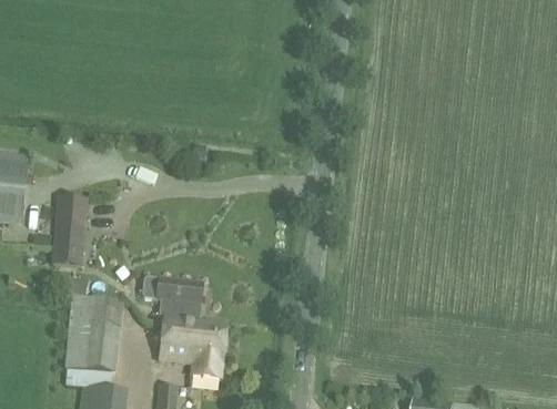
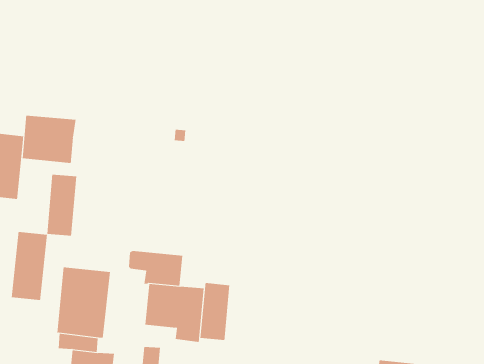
building: none -> [22,115,76,164]
building: none -> [11,231,47,301]
building: none -> [200,282,230,341]

